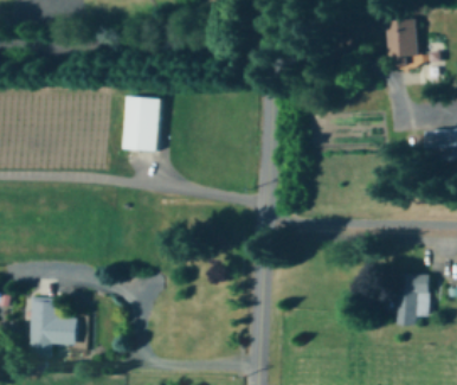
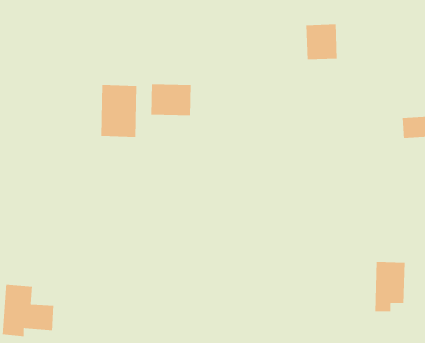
building: [386,21,418,58] -> [306,23,338,60]
building: none -> [151,84,191,116]

